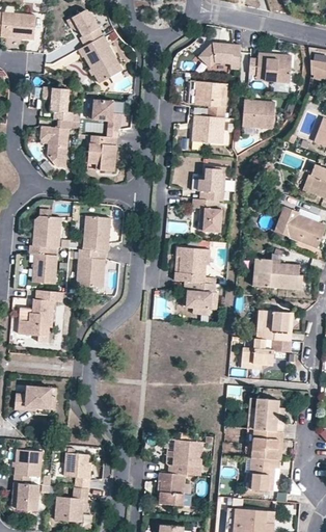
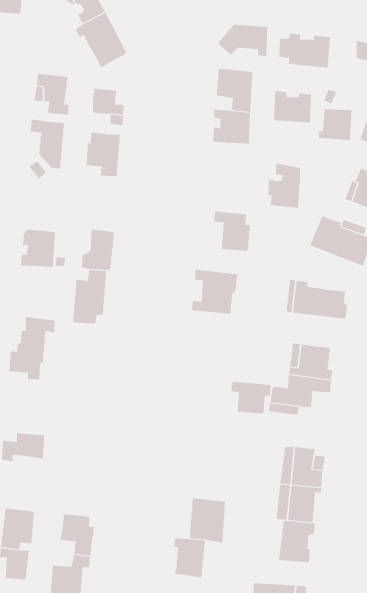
building: none -> [318,109,352,141]
building: [197,166,225,205] -> [267,163,301,209]
building: [31,246,57,284] -> none
building: [182,285,216,312] -> [231,381,272,414]

